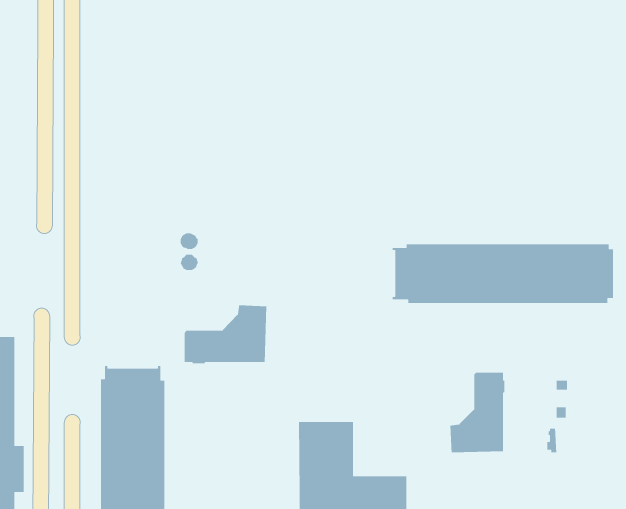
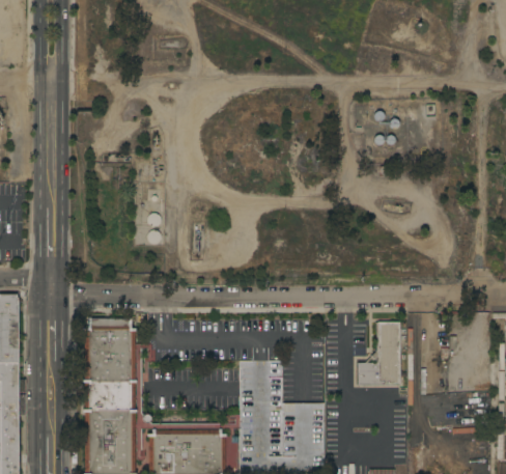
building: [392,243,614,304] -> none
building: [184,304,267,364] -> none

